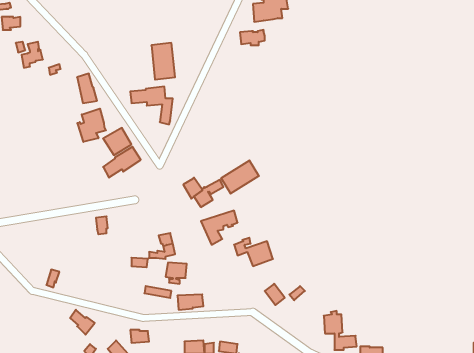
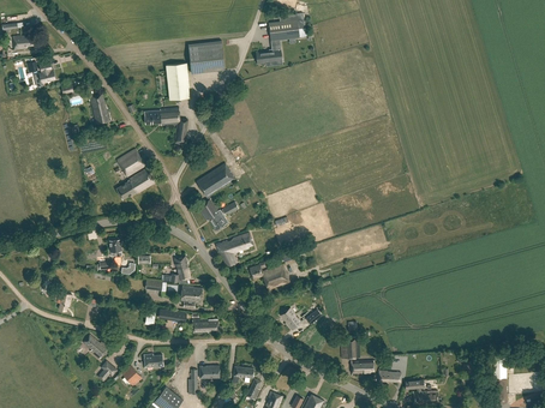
building: none -> [187,40,224,73]
building: [77,109,106,142] -> none
building: [221,160,259,194] -> [197,163,235,197]

